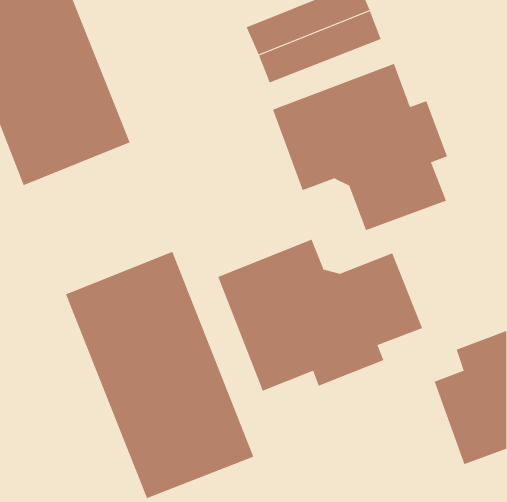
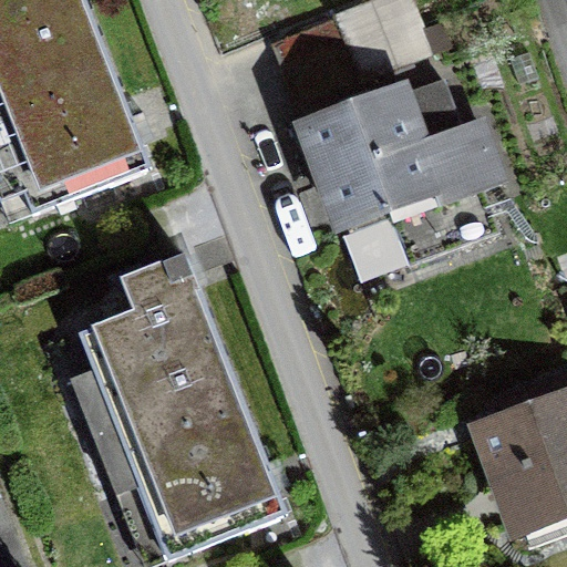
building: [217,239,423,391] -> none

